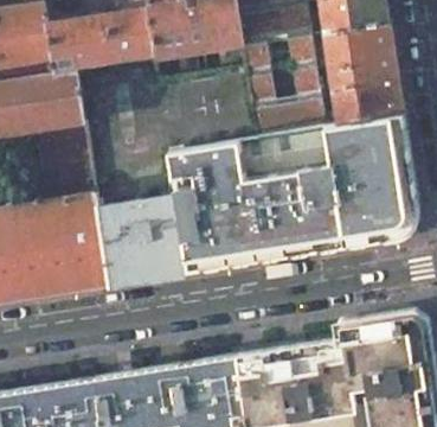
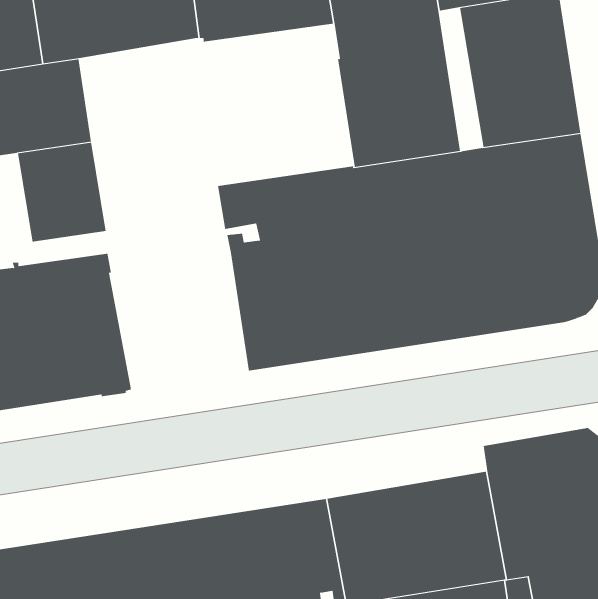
building: [96,193,186,283] -> none

